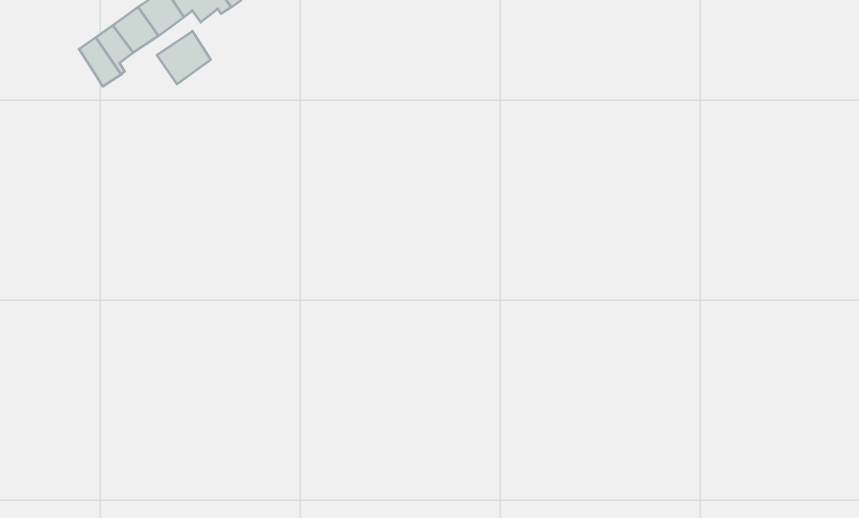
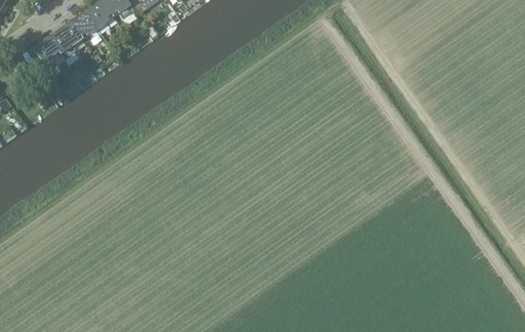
building: [157,31,211,84] -> none
building: none -> [34,35,62,69]

